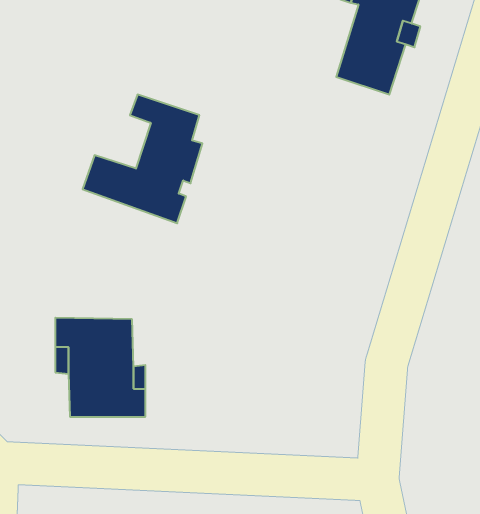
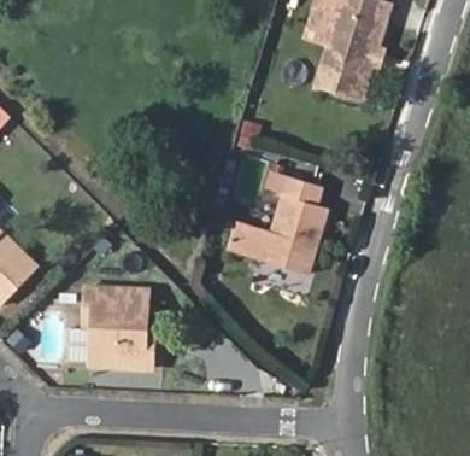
building: [83,95,202,223] -> [229,175,327,280]

